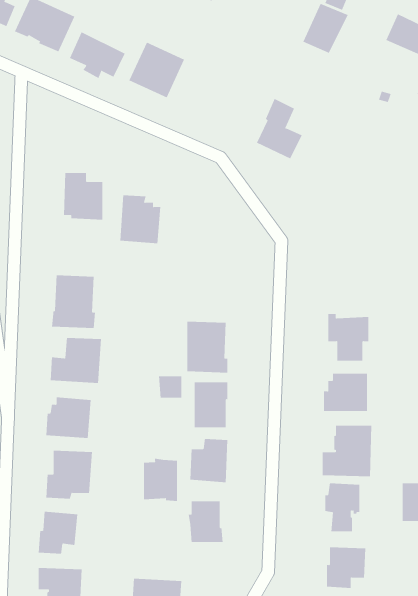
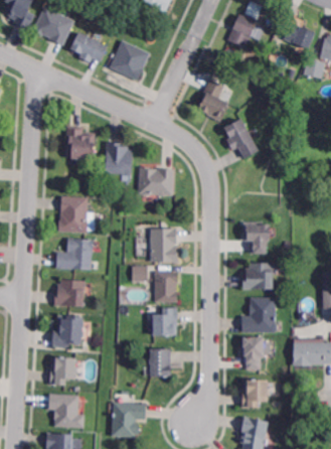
building: none -> [223,120,258,159]
building: none -> [137,168,174,197]
building: [143,458,178,502] -> none

